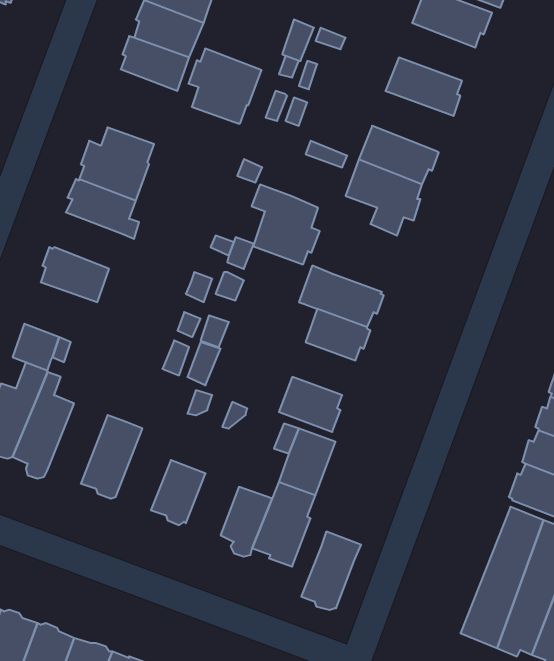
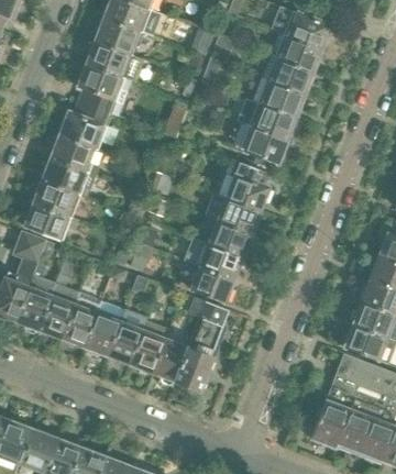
building: none -> [271,32,321,70]
building: [188,49,262,123] -> [76,63,124,112]
building: none -> [253,77,307,117]
building: [252,185,320,264] -> [226,157,271,210]
building: none -> [43,157,90,197]
building: none -> [22,203,78,240]
building: none -> [200,243,244,278]
building: none -> [39,264,78,338]
building: none -> [84,300,124,355]
building: [301,532,361,610] -> [130,320,169,372]

